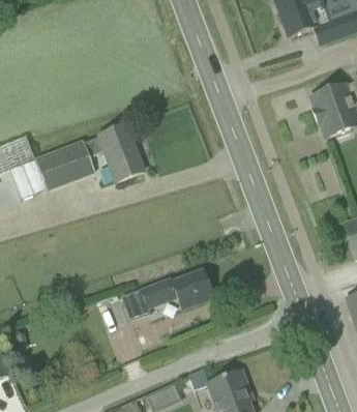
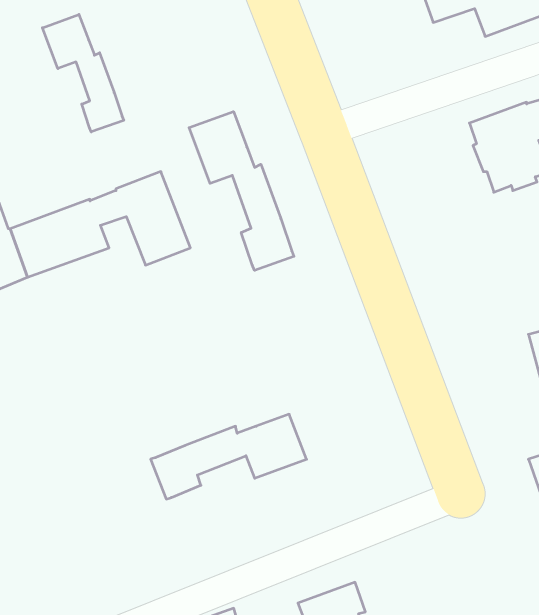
building: none -> [42,14,124,132]
building: none -> [189,112,294,270]

